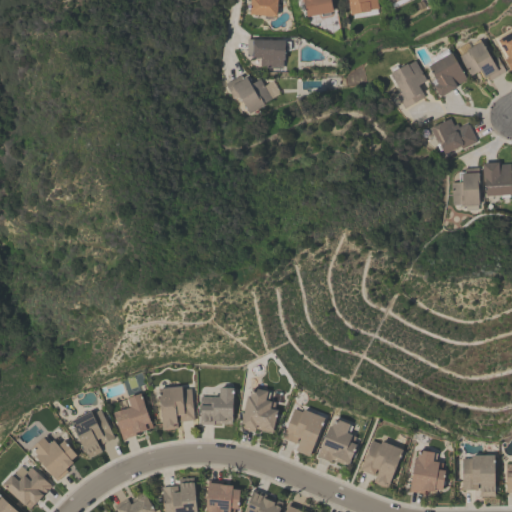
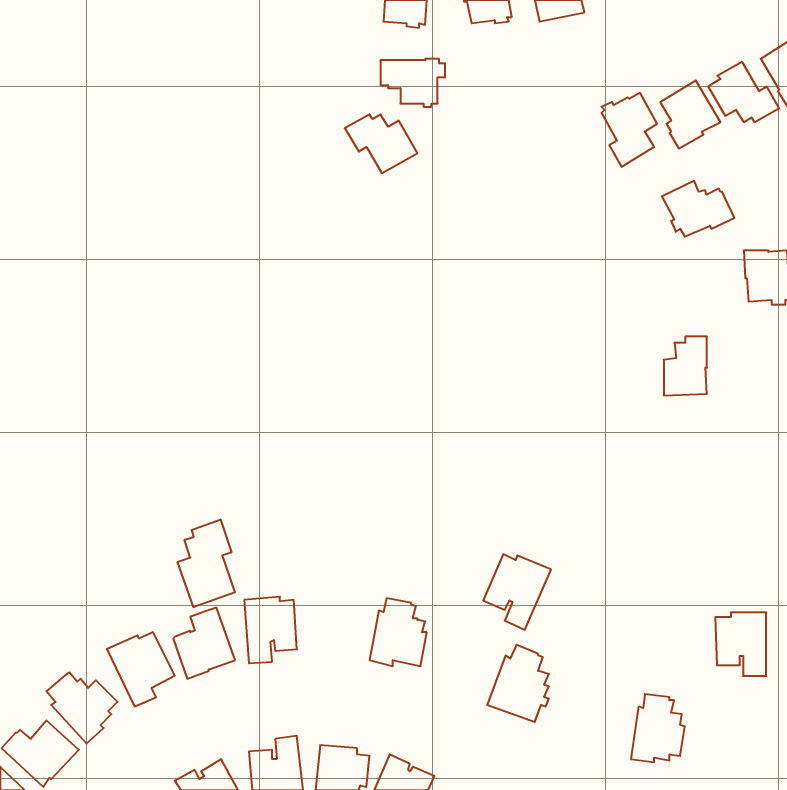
building: [452,167,480,205] -> [664,337,707,395]
building: none -> [178,519,235,607]
building: [201,387,234,424] -> none
building: [282,407,326,456] -> [483,554,551,630]
building: [361,440,403,487] -> none
building: [462,455,495,496] -> [715,612,766,676]

